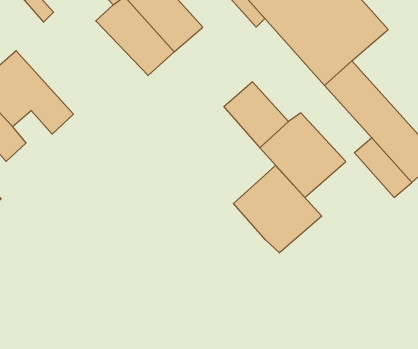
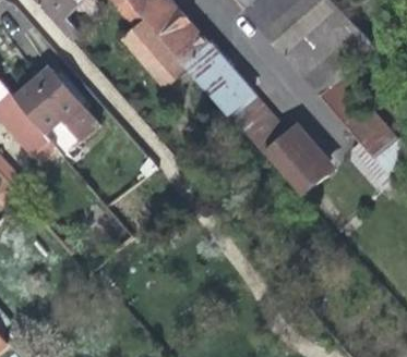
building: none -> [185,46,254,115]
building: [233,166,322,253] -> none

